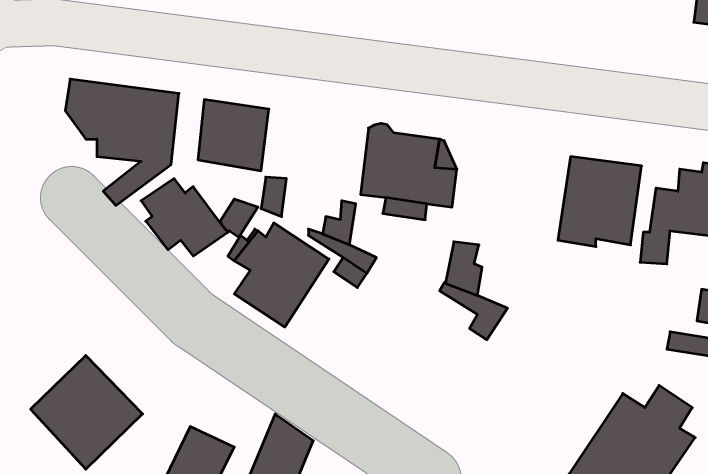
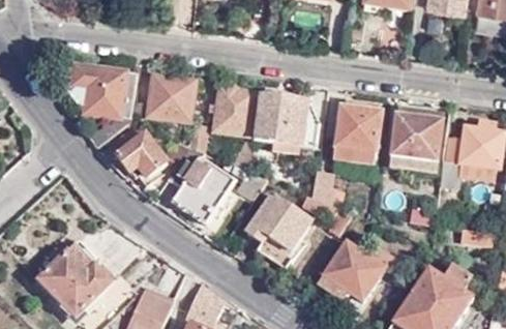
building: none -> [214,88,255,138]
building: none -> [330,107,382,166]
building: none -> [247,198,311,270]
building: none -> [317,228,395,303]

